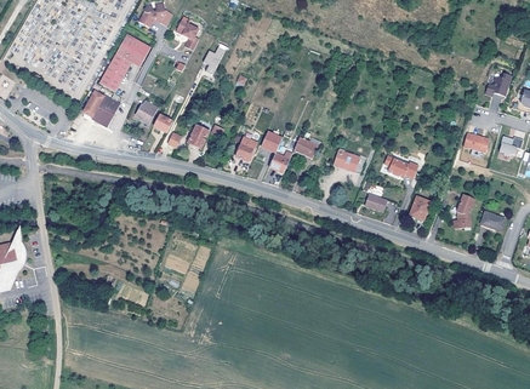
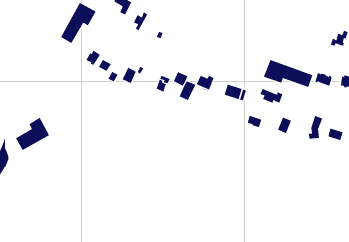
building: [82,91,119,126] -> none
building: none -> [263,59,313,88]
building: none -> [15,117,50,151]

